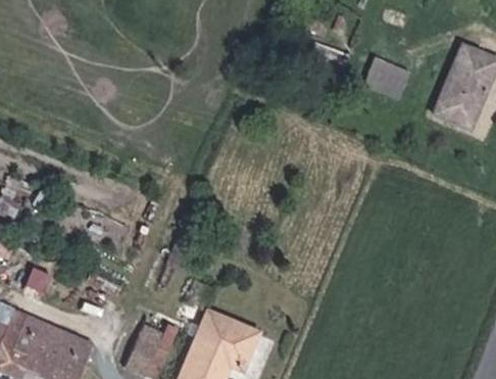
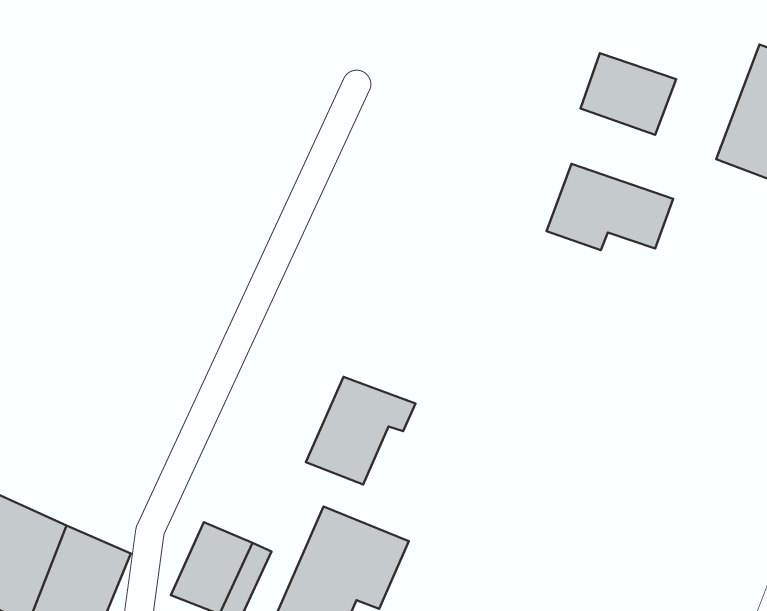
building: none -> [546,164,673,250]
building: none -> [306,377,415,484]

